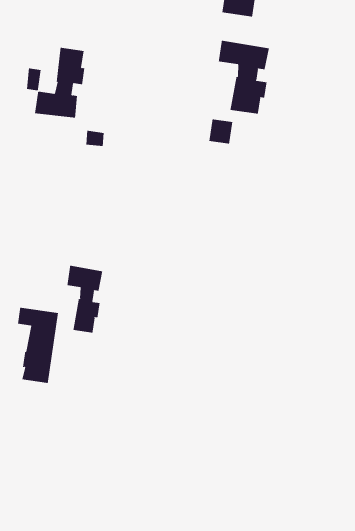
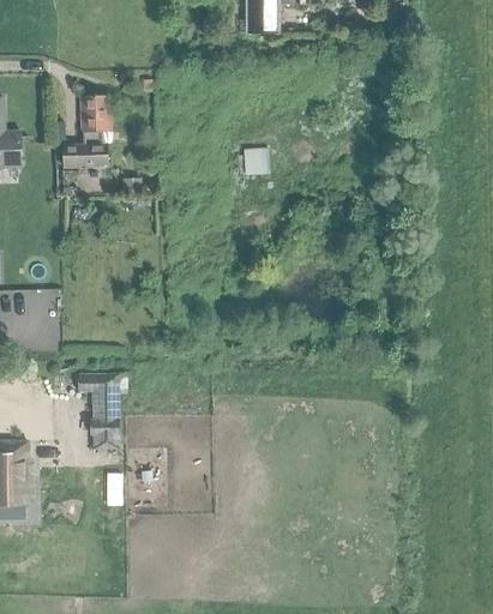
building: [218,40,269,115] -> none
building: [67,265,103,333] -> none

